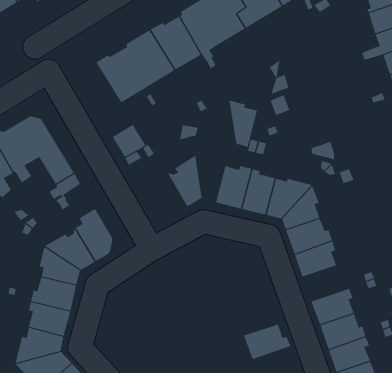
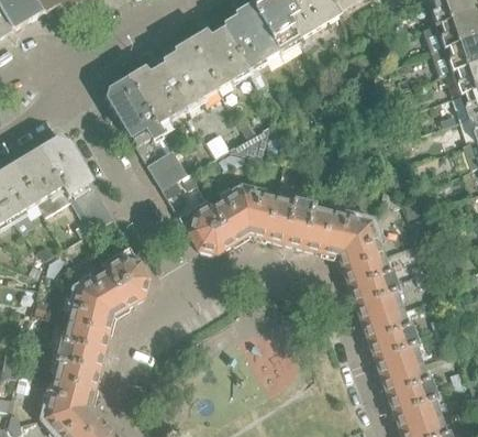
building: none -> [108,78,162,143]
building: [229,100,258,147] -> [242,183,275,237]
building: none -> [178,203,232,252]
building: [243,324,291,360] -> [362,308,415,349]

